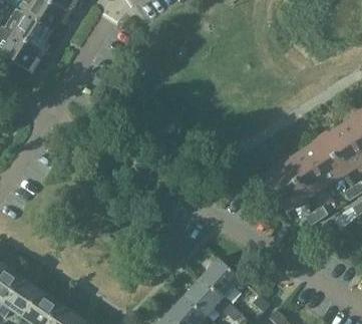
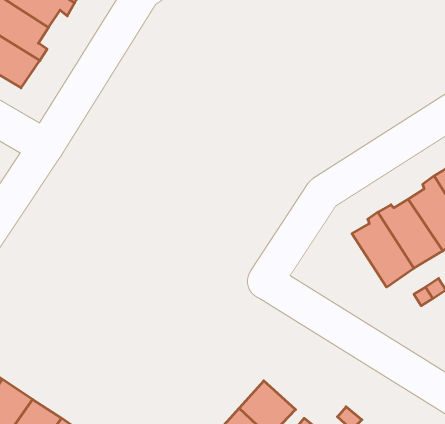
building: [201,259,240,297] -> none

